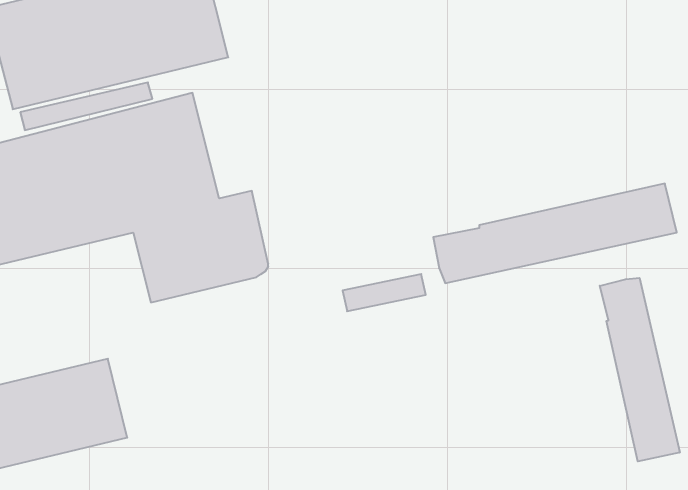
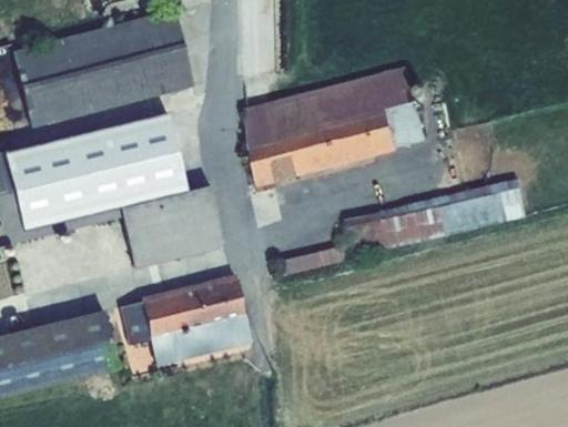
building: none -> [245,68,426,183]
building: [600,278,680,461] -> none
building: none -> [119,277,250,363]

